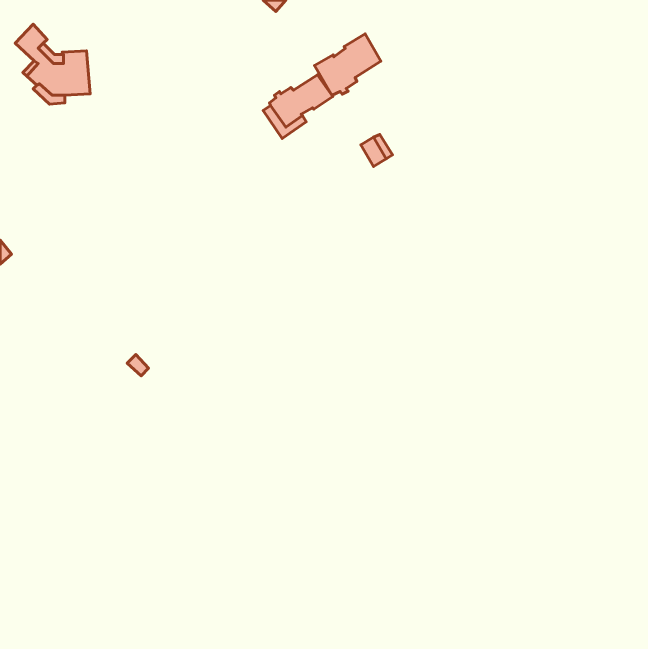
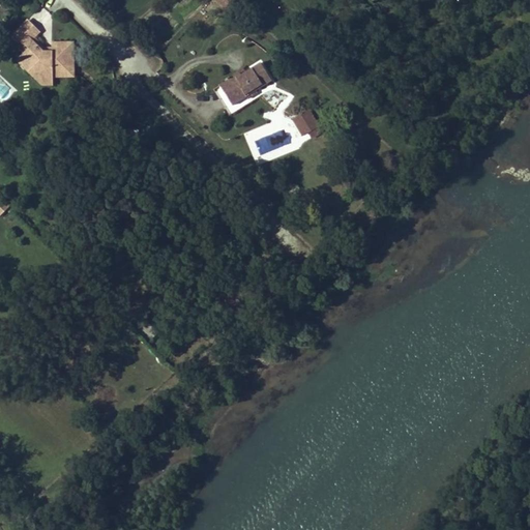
building: [314,34,381,95] -> none

